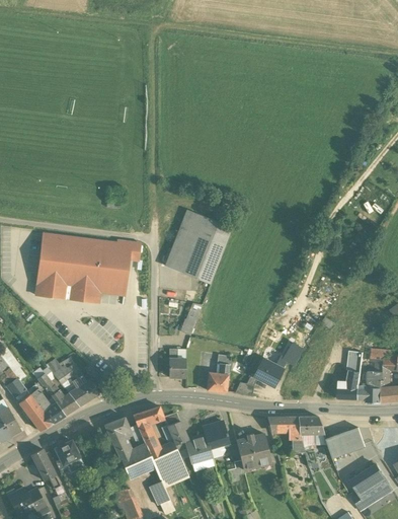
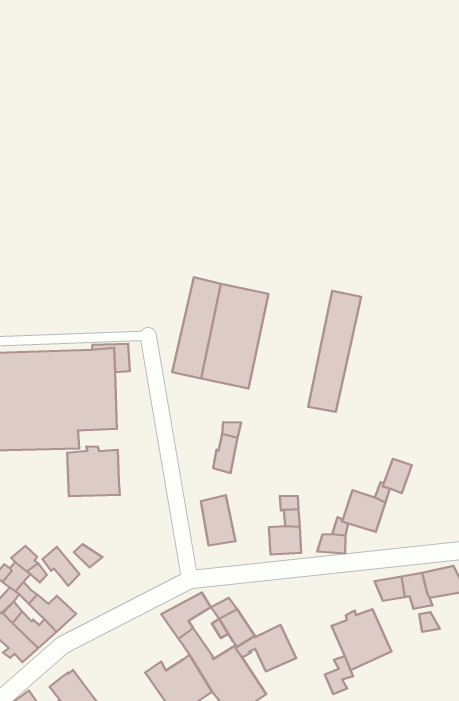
building: none -> [308,291,361,412]
building: none -> [67,447,120,496]
building: [68,379,98,405] -> none
building: [104,417,130,449] -> none
building: [203,421,228,447] -> none

